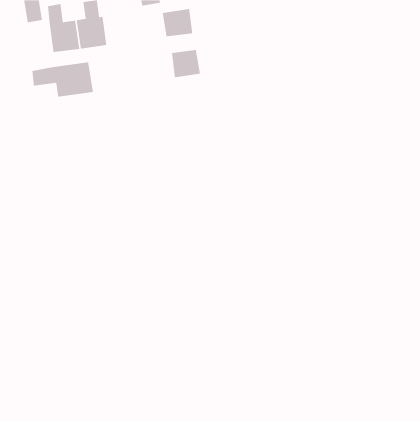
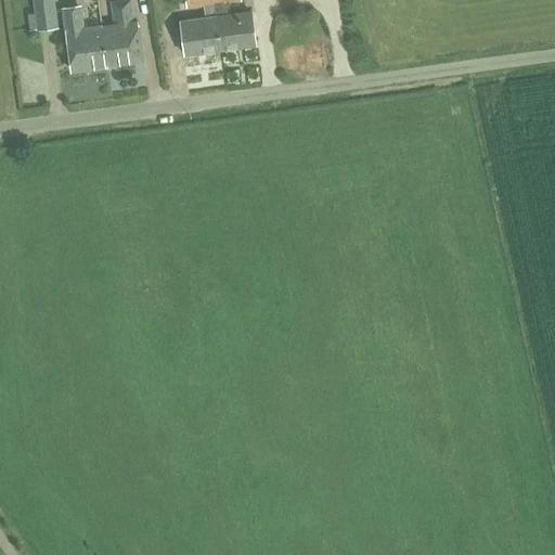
building: [171,49,201,78] -> [179,16,218,54]
building: [32,62,94,98] -> none

